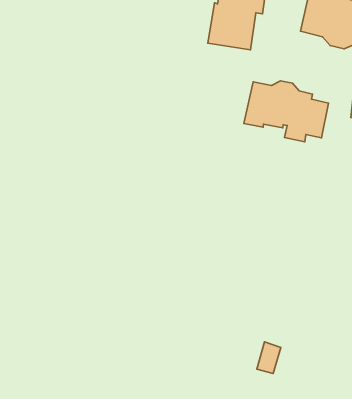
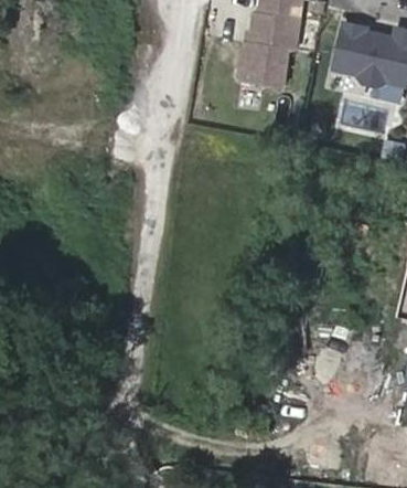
building: [244,81,329,142] -> none

